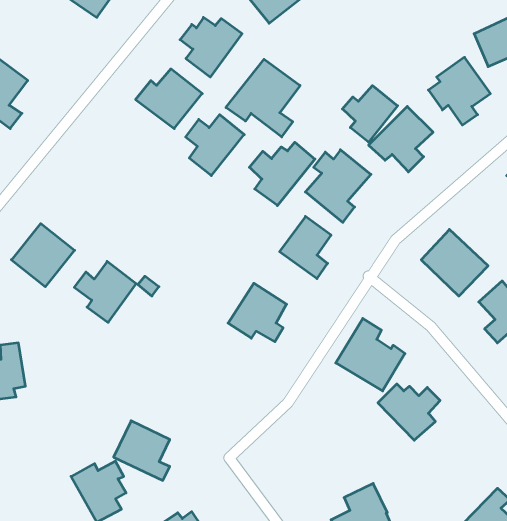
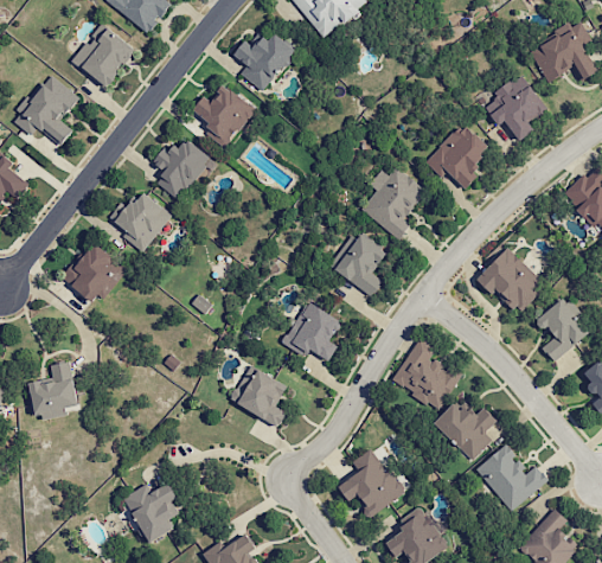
building: none -> [72,23,135,87]
building: [226,59,300,137] -> none
building: [342,86,398,142] -> none
building: [186,115,244,176] -> [153,139,212,200]
building: [249,142,315,206] -> none
building: [74,261,136,322] -> [109,191,172,252]
building: [114,421,170,480] -> [230,365,287,426]
building: none -> [475,443,549,511]
building: none -> [339,446,404,517]

